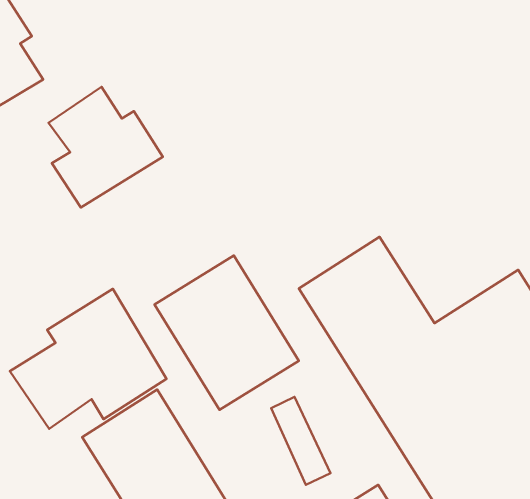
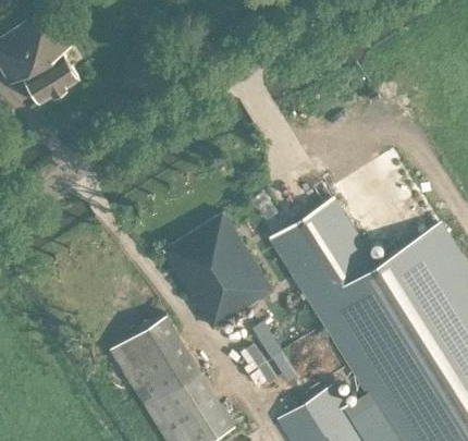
building: [49,87,163,207] -> none
building: [10,289,167,429] -> none

